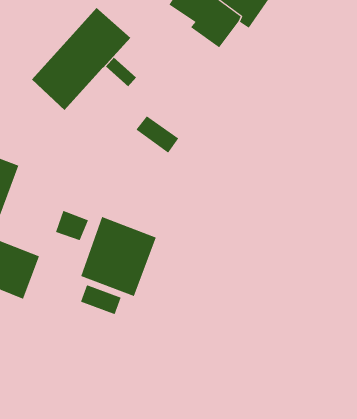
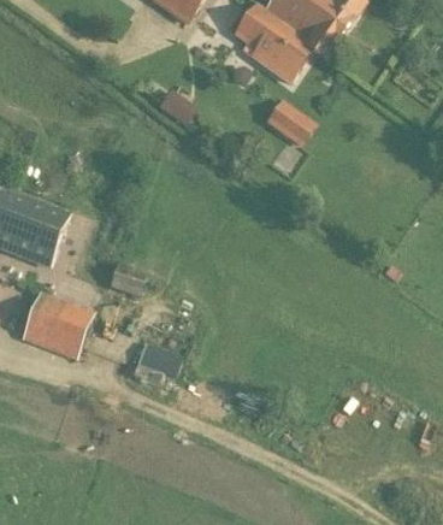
building: [31,7,131,111] -> none
building: [136,116,179,154] -> [266,101,314,143]
building: [81,216,157,297] -> none

